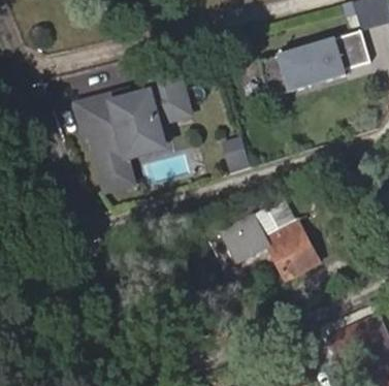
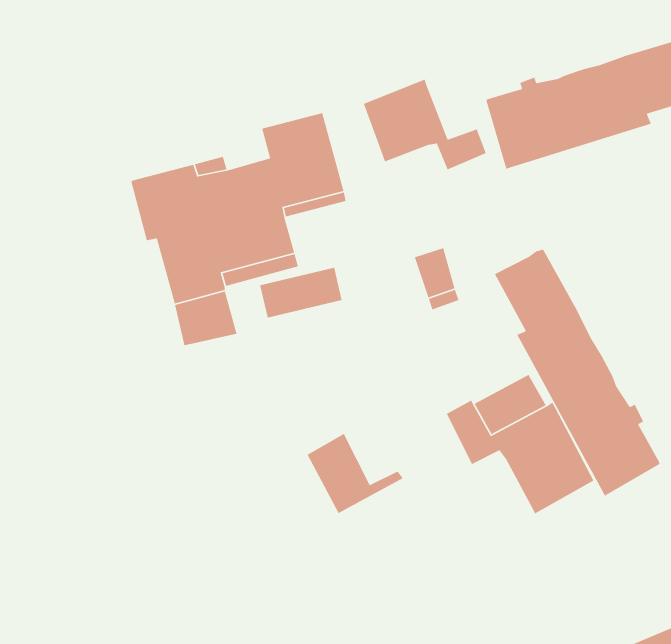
building: none -> [363,79,487,170]
building: none -> [494,249,660,497]
building: [221,225,271,267] -> [307,433,404,514]

